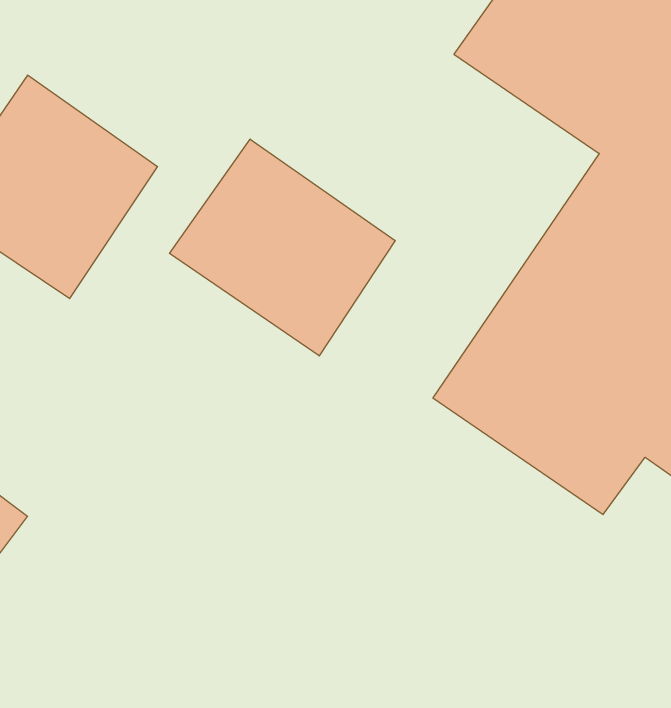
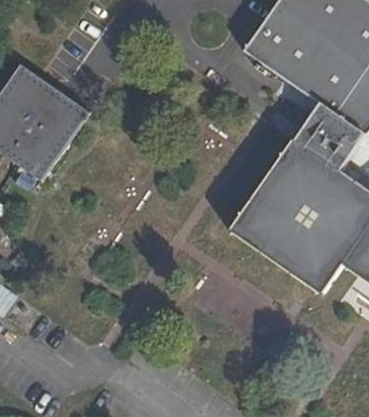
building: [170,139,395,356] -> none

